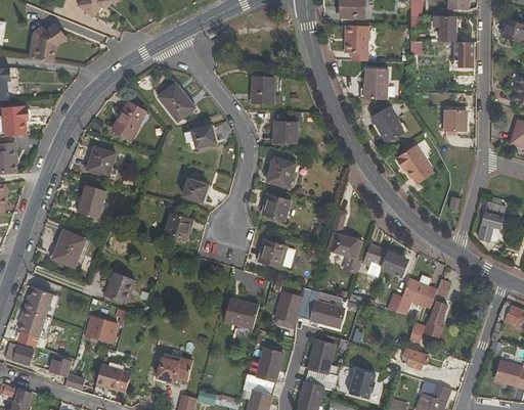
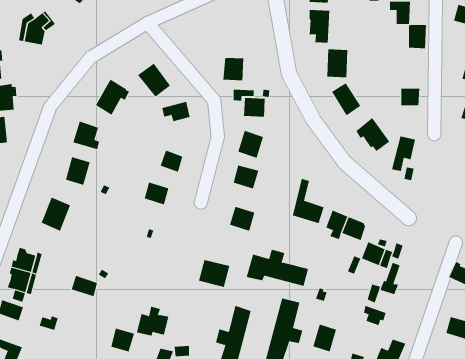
building: [479,201,506,240] -> [391,136,416,171]
building: [104,271,135,304] -> none
building: [95,363,122,390] -> [110,328,135,352]

